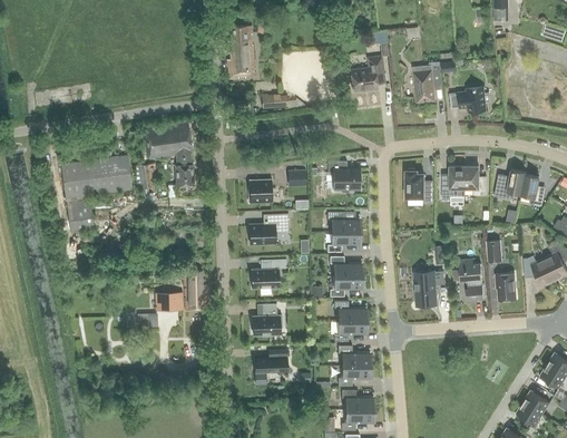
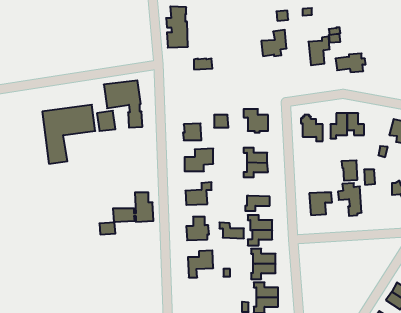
building: [493,169,526,199] -> none
building: [330,255,362,276] -> [219,222,244,238]
building: [495,273,516,300] -> [341,160,357,181]

